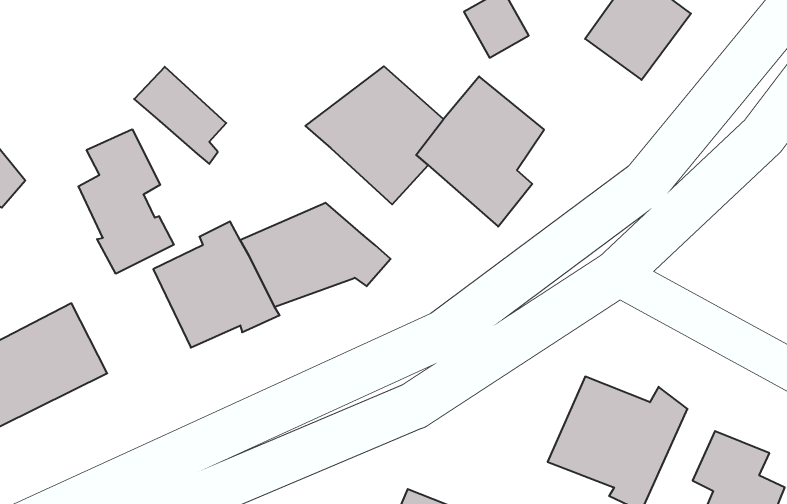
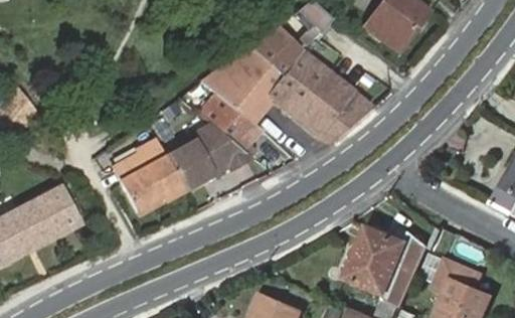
building: none -> [247,26,304,75]
building: [134,67,226,164] -> [198,93,252,150]
building: [78,129,174,274] -> none
building: none -> [315,82,373,144]

